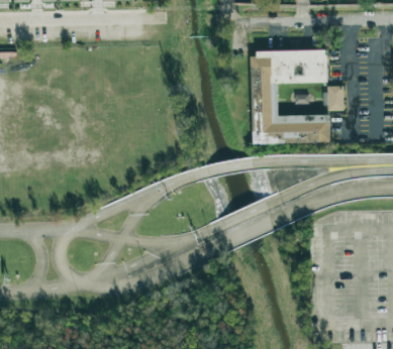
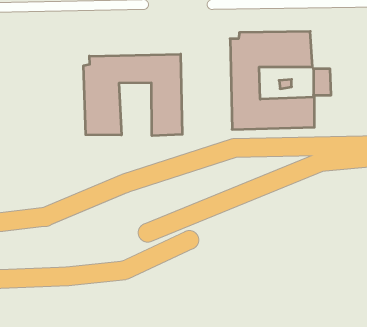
building: none -> [84,54,182,136]

